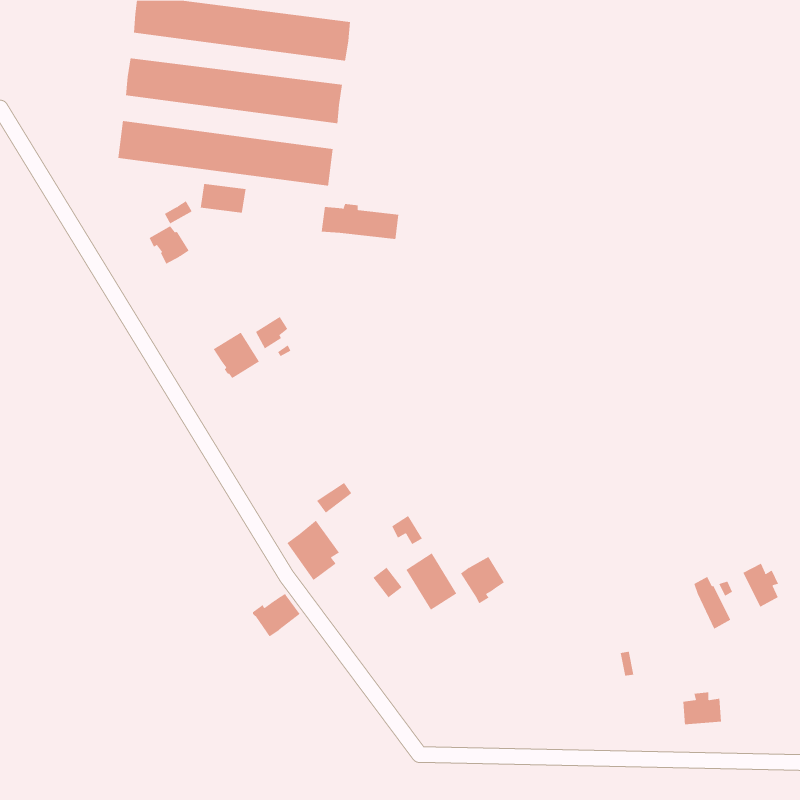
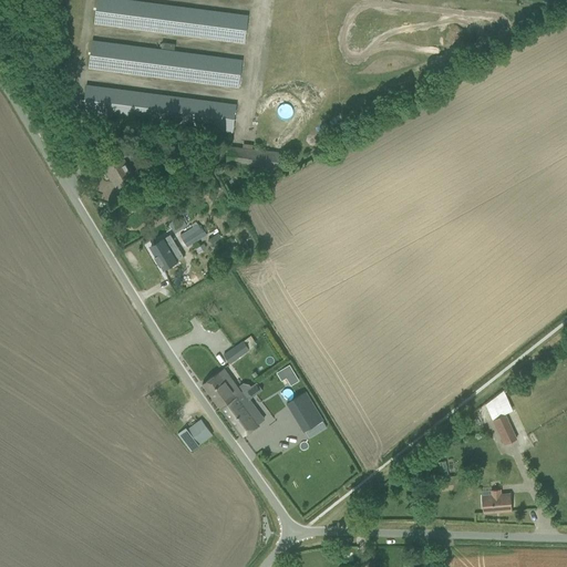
building: [200,183,246,213] -> none
building: none -> [221,382,262,436]
building: [460,556,504,604] -> none
building: [743,563,779,607] -> none

